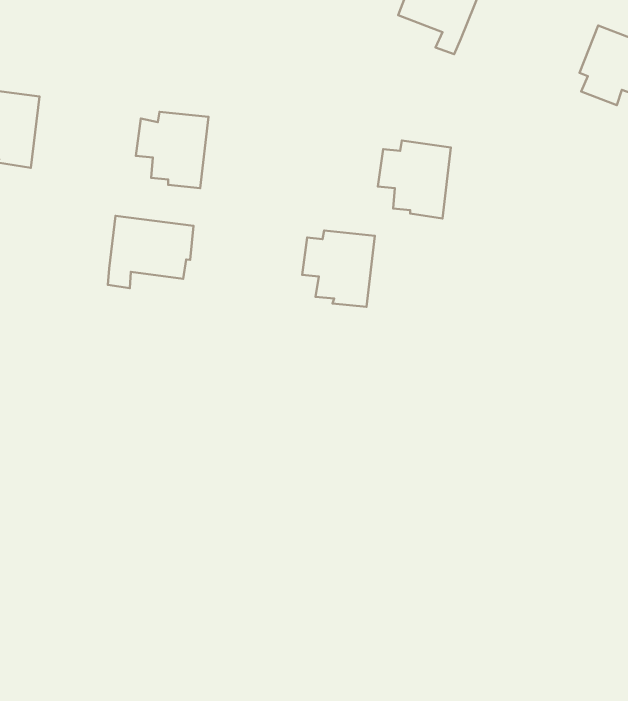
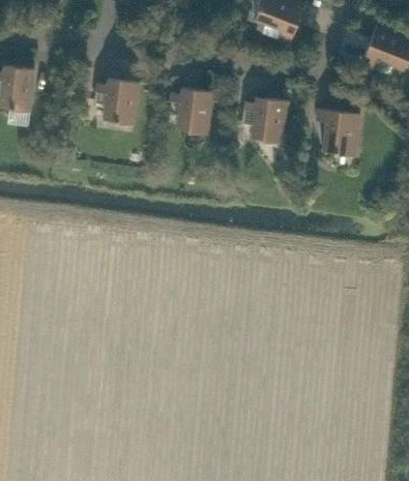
building: none -> [316,109,360,156]
building: [108,216,194,288] -> none
building: [302,231,375,307] -> [169,88,213,134]

